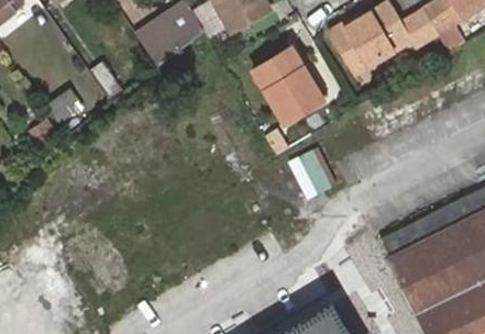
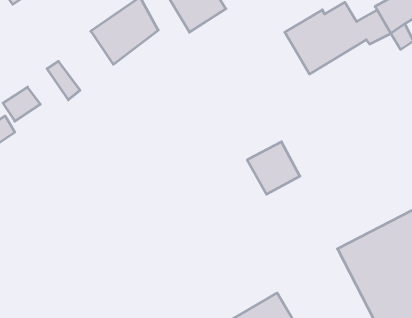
building: [257,49,323,123] -> none

